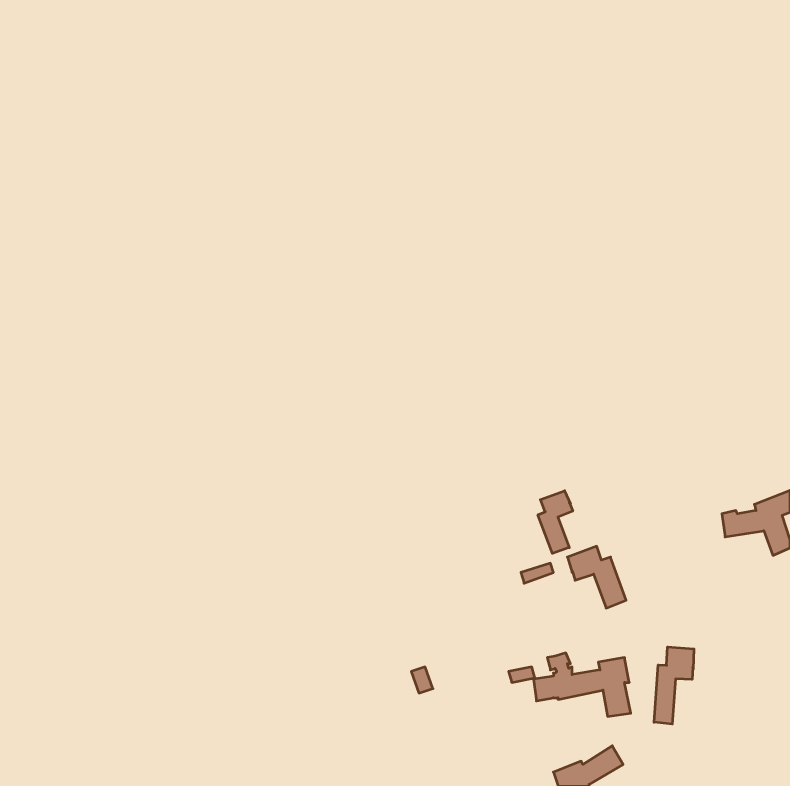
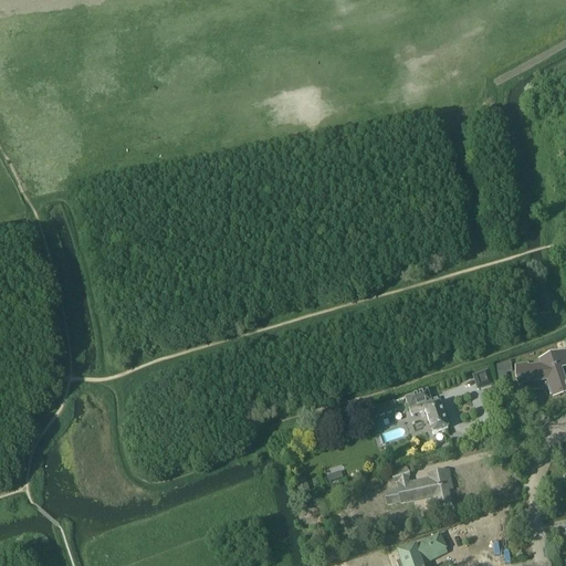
building: [538,491,573,553] -> none
building: [654,647,694,724] -> none

